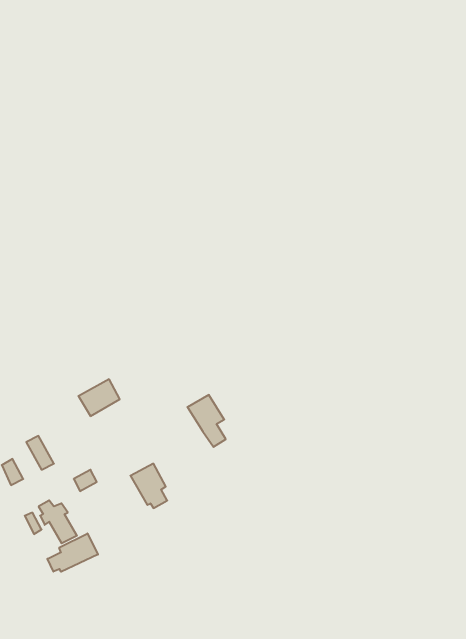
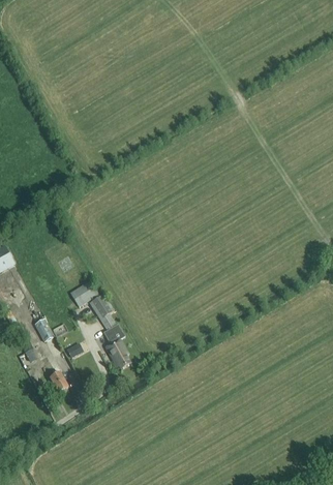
building: [187,395,226,447] -> [89,295,115,330]
building: [47,533,98,572] -> none

